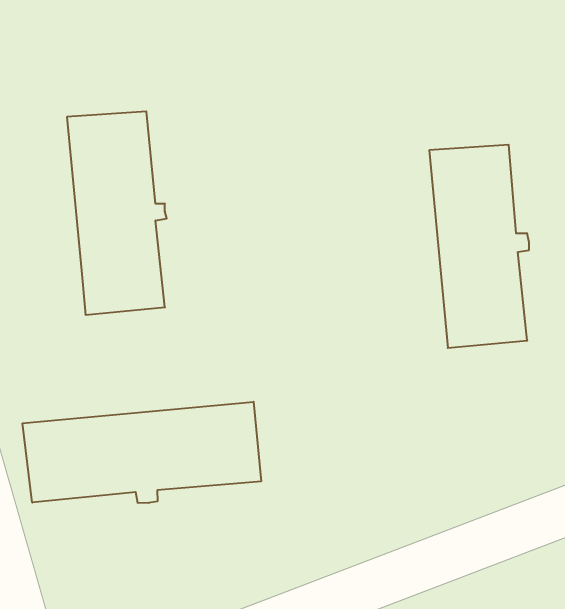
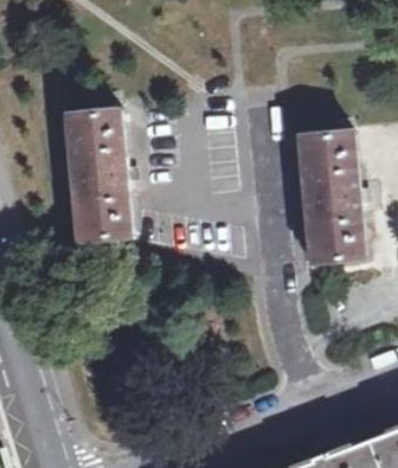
building: [23,402,261,503] -> none

